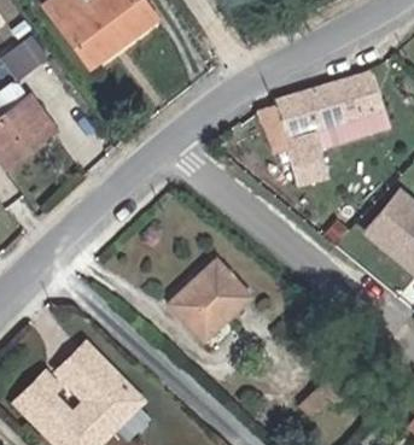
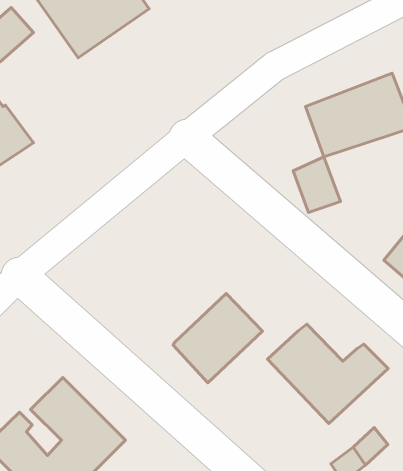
building: [264,104,308,159] -> none
building: none -> [268,324,388,424]

